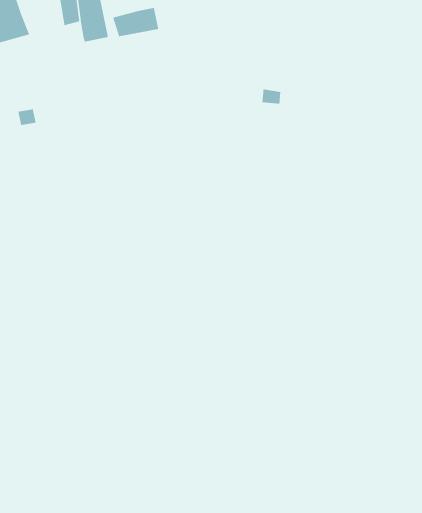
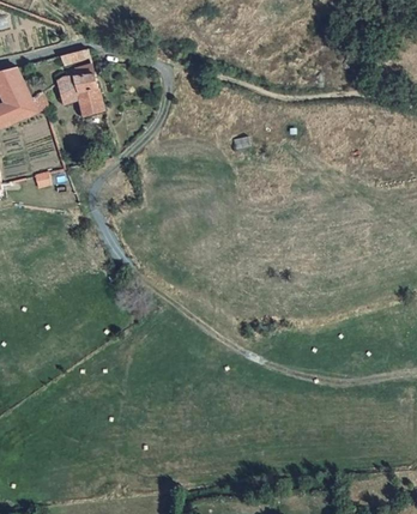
building: [112,7,159,37] -> none

